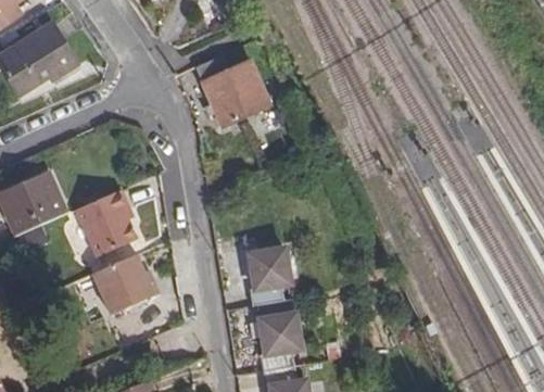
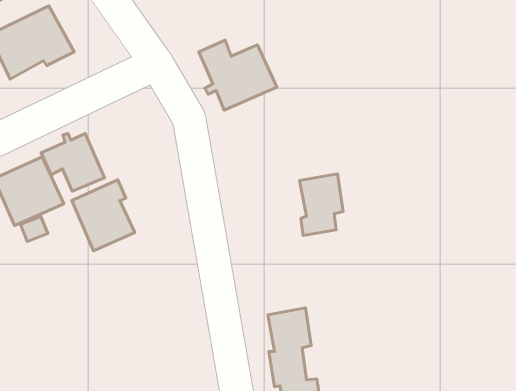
building: none -> [41,133,104,191]
building: [249,246,290,305] -> [300,174,343,236]
building: [92,253,160,314] -> none

